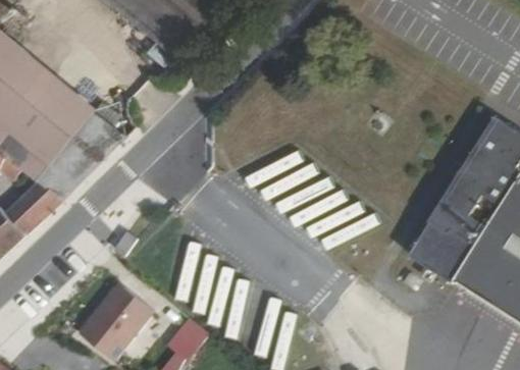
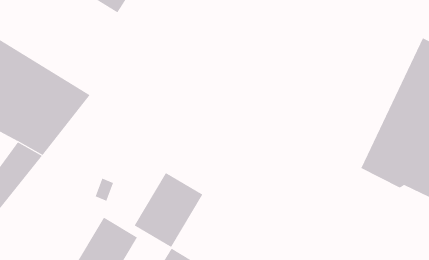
building: none -> [134,172,203,248]

